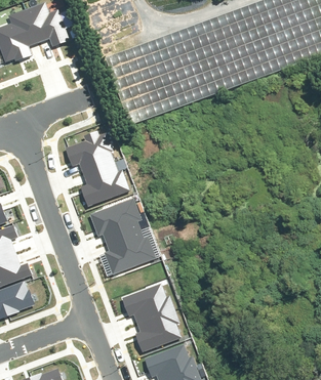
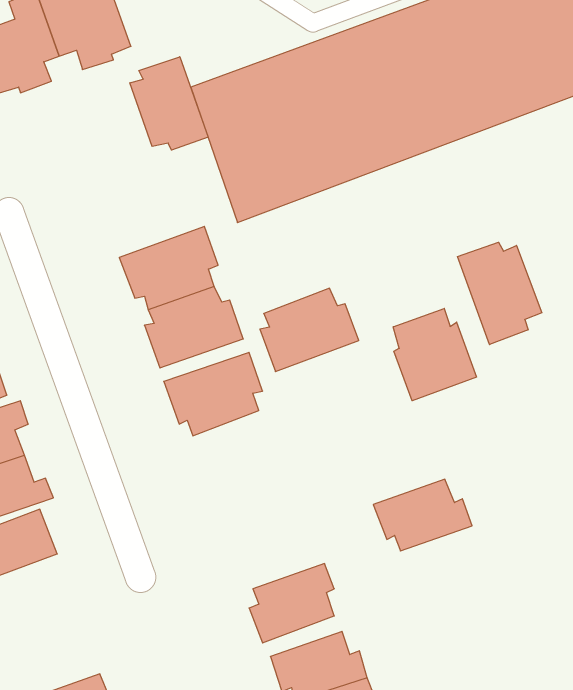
building: none -> [130,57,208,150]
building: none -> [457,242,542,345]
building: none -> [393,308,476,401]
building: [104,227,156,271] -> [260,288,359,372]
building: [123,284,175,322] -> [373,479,472,551]

